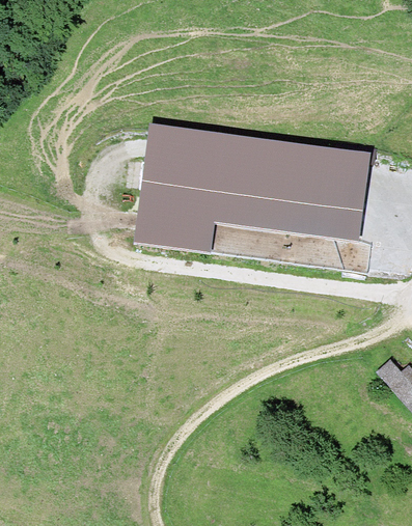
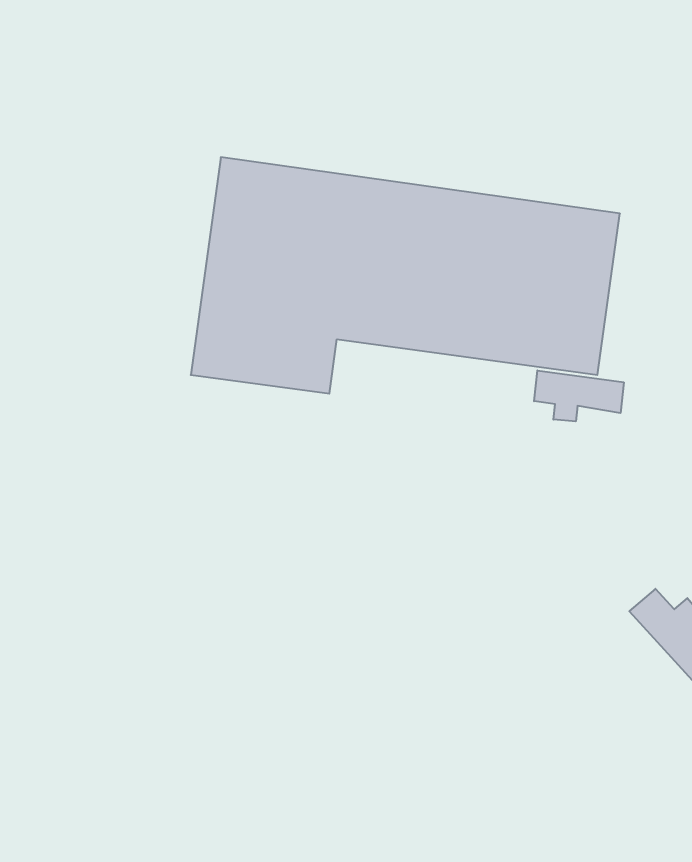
building: none -> [534,370,624,421]

